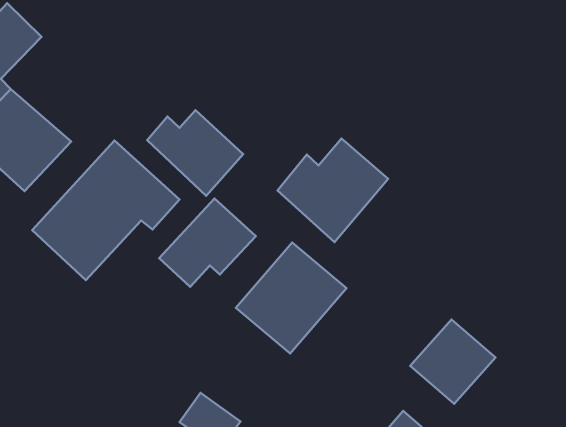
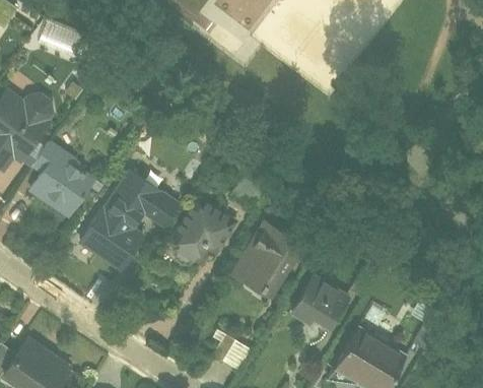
building: [147,110,243,196] -> none
building: [277,138,388,242] -> none
building: [410,320,496,404] -> [291,272,350,331]

